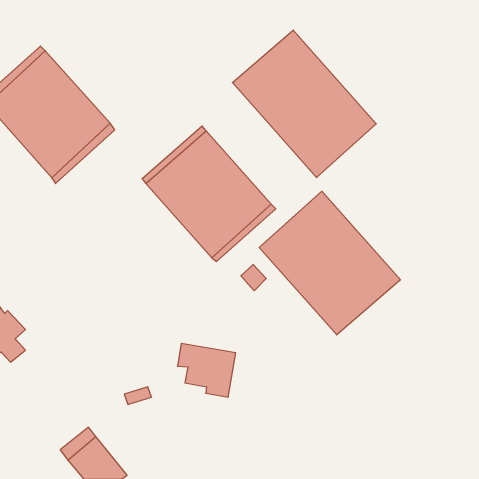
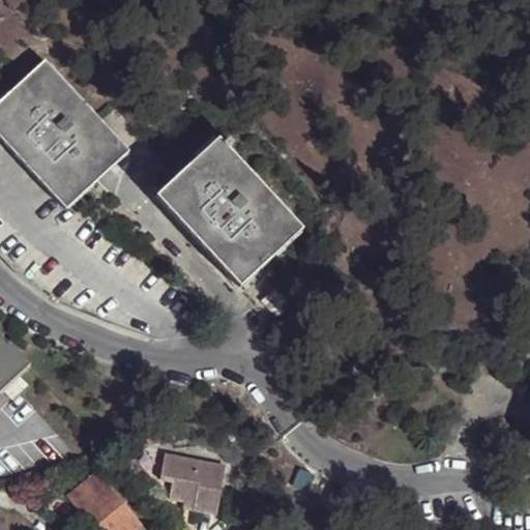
building: [232,30,376,178] -> none
building: [259,191,400,335] -> none
building: [177,343,236,397] -> [159,454,224,513]

